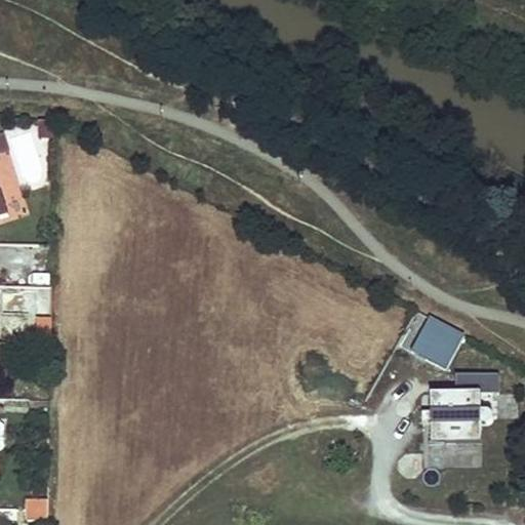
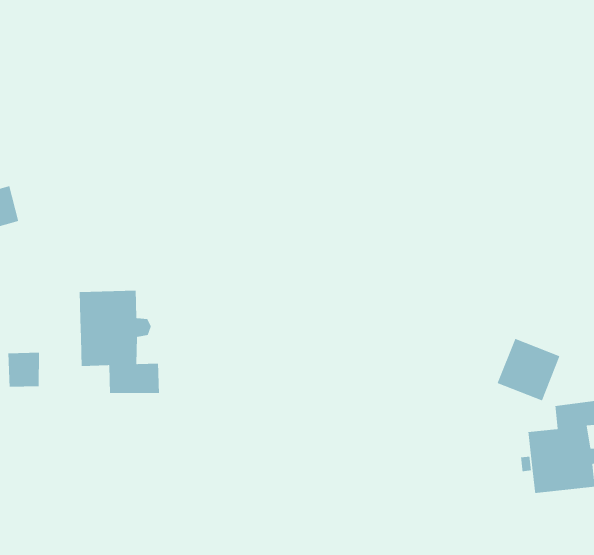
building: none -> [79,290,160,394]

